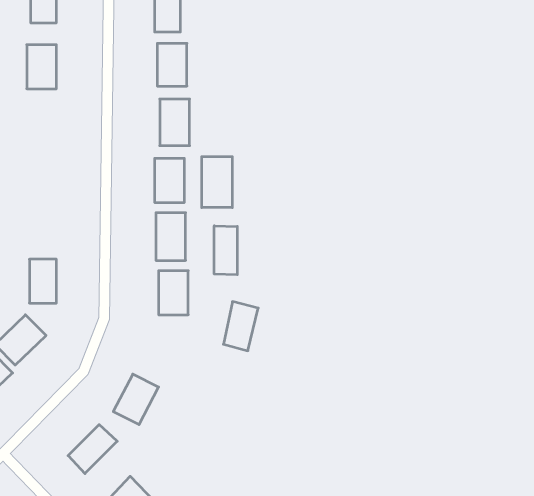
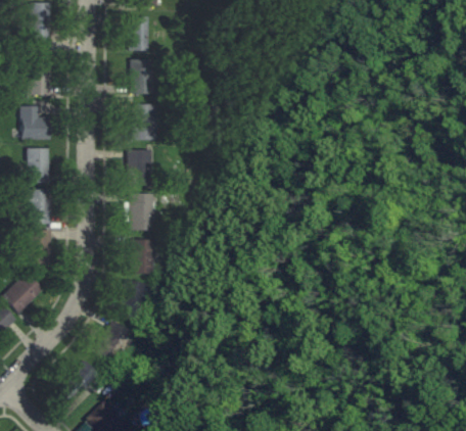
building: none -> [22,105,52,138]
building: none -> [29,147,50,181]
building: [202,157,232,208] -> none
building: none -> [31,188,53,222]
building: [214,226,237,275] -> none
building: [223,302,258,351] -> [120,278,147,317]

